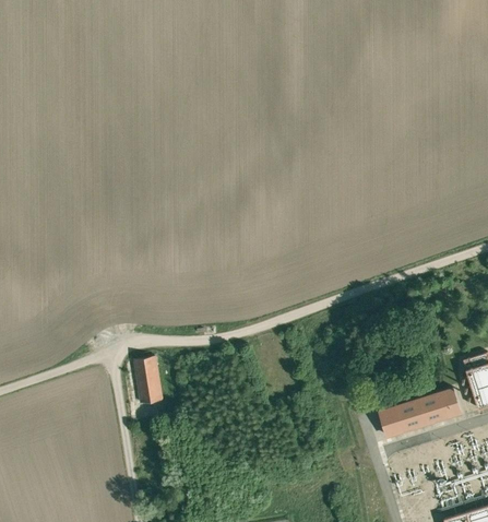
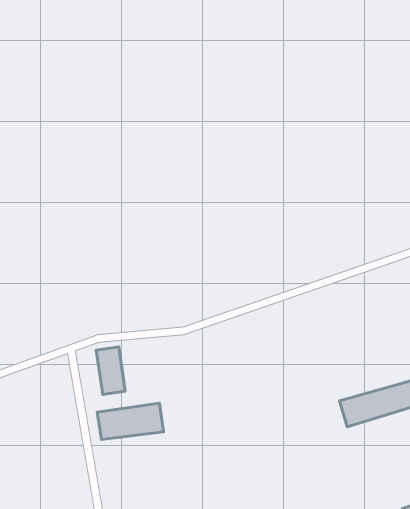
building: none -> [97,403,164,439]

